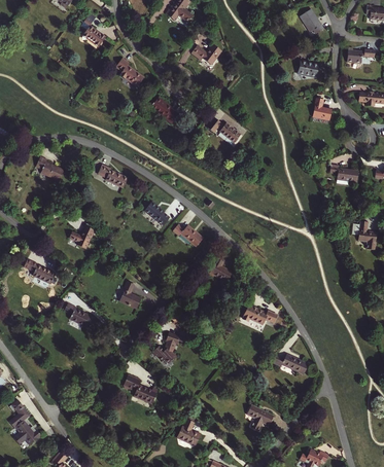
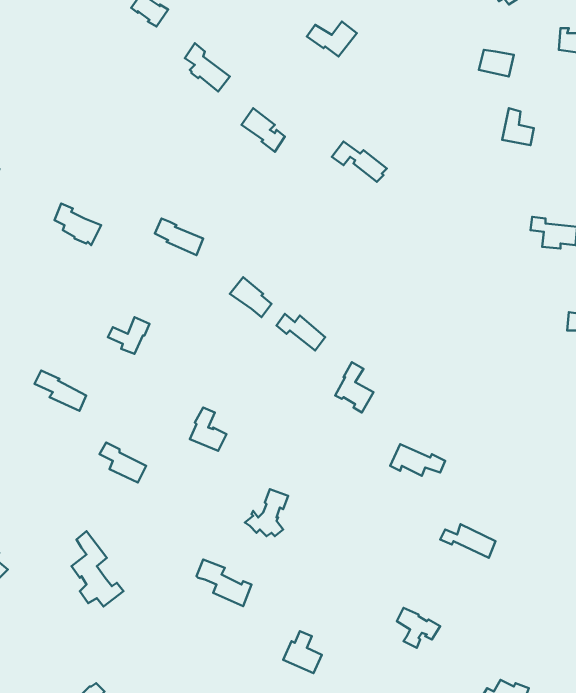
building: [9,399,41,445] -> [72,531,123,606]

